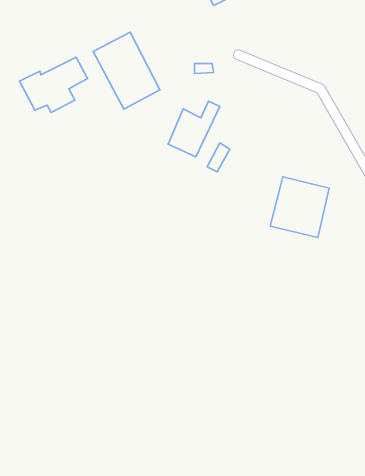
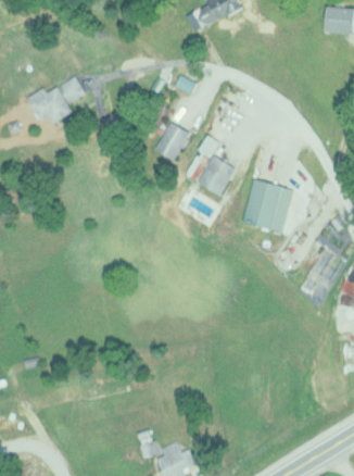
building: [93,32,160,109] -> none
building: none -> [197,155,236,197]

